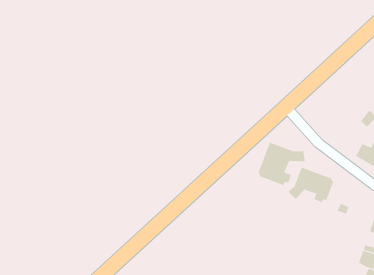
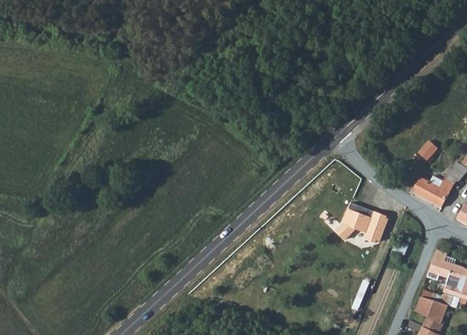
building: [258,142,306,186] -> none

